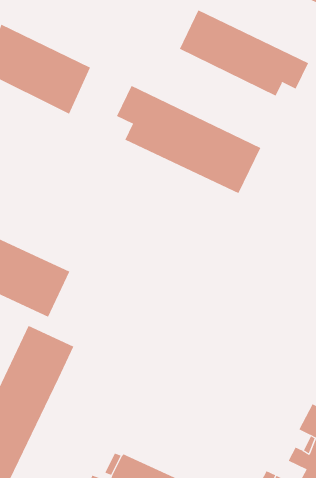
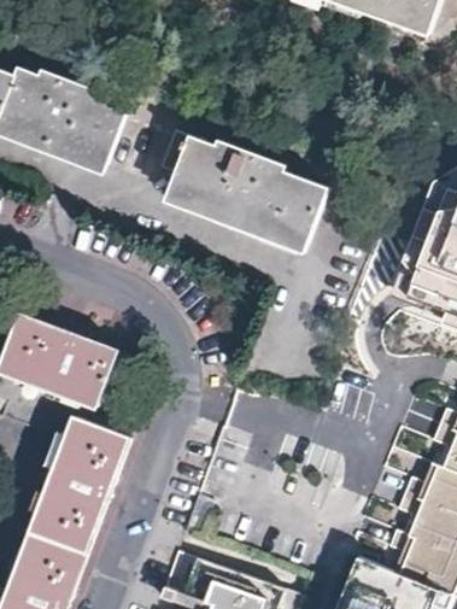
building: [179,10,309,96] -> none

